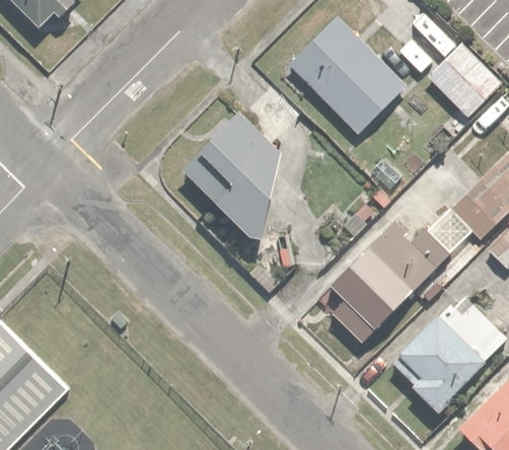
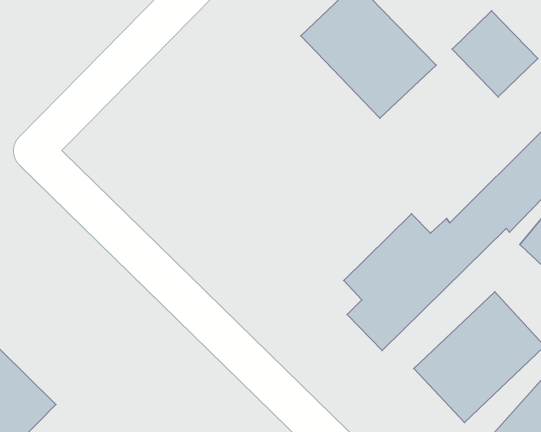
building: [180,108,280,238] -> none

